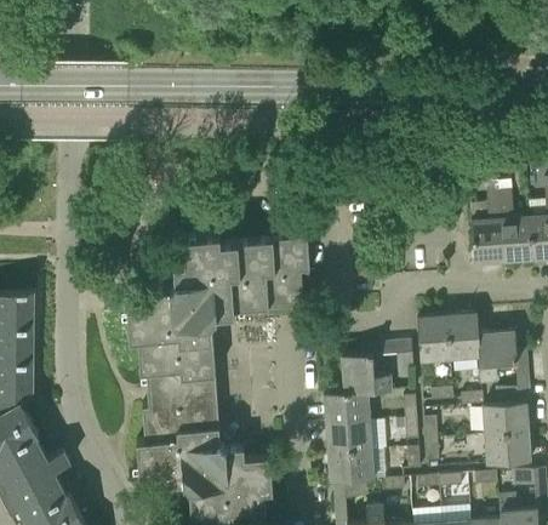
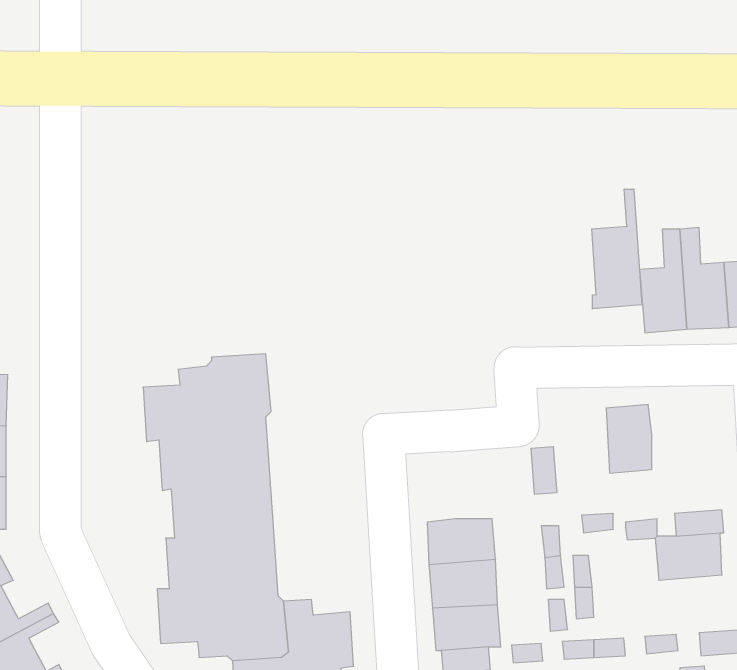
building: none -> [592,189,642,309]
building: [173,234,309,318] -> none
building: [417,315,450,361] -> none
building: [479,331,516,381] -> none
building: [341,353,393,392] -> none
building: [484,430,530,464] -> none

